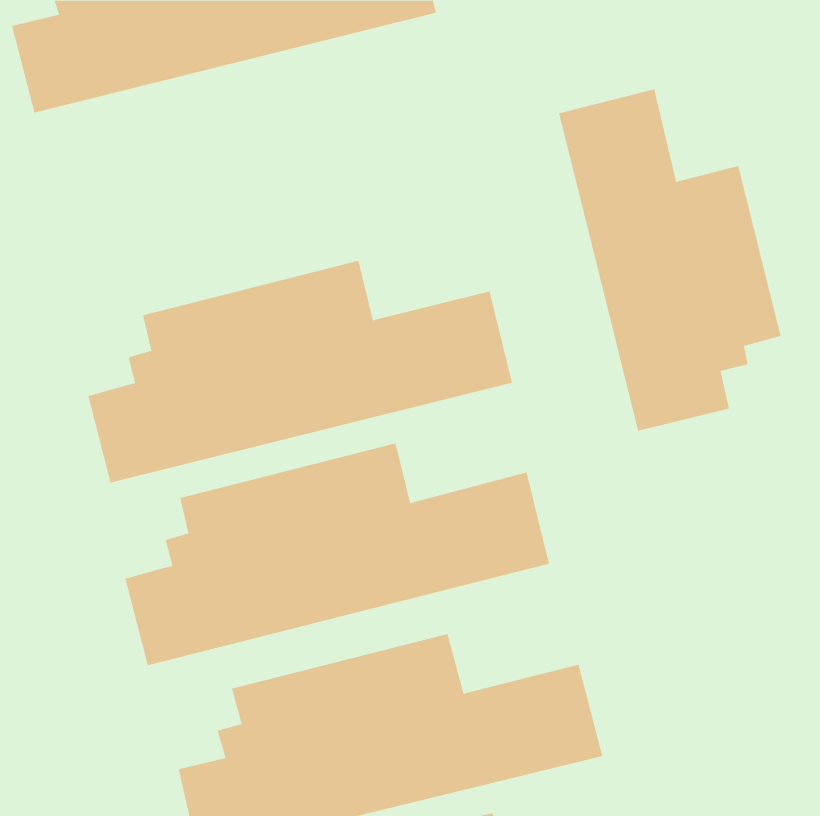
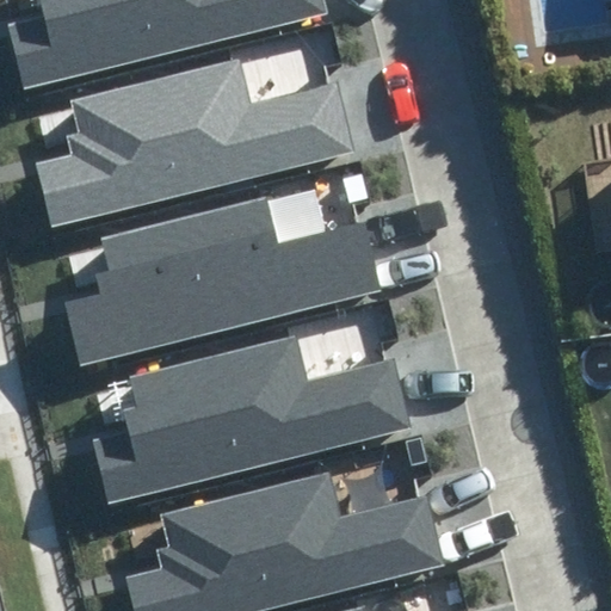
building: none -> [35,61,348,226]
building: [559,88,781,431] -> none

